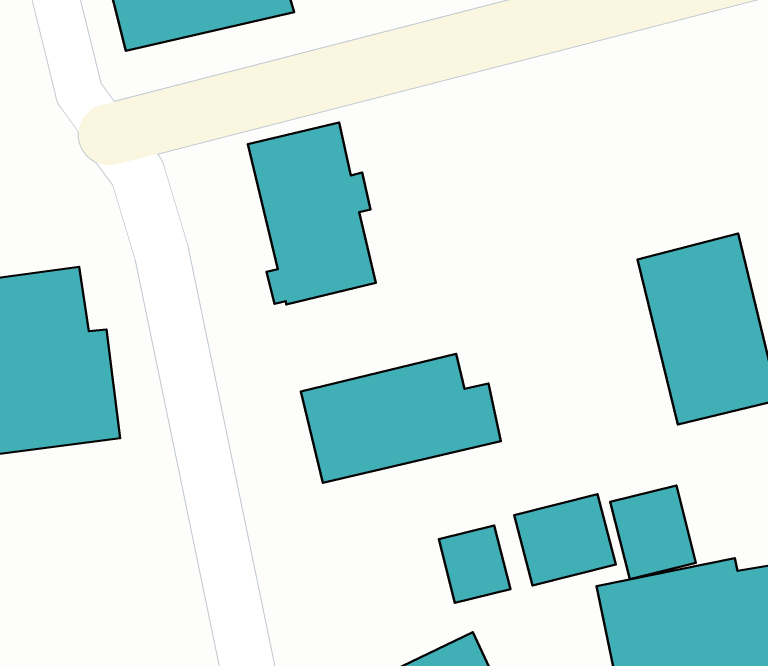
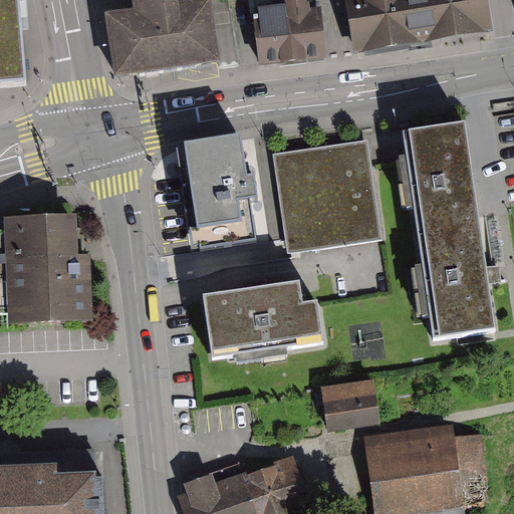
building: none -> [400,123,478,237]
building: none -> [270,133,379,246]
building: [610,486,696,579] -> none
building: [439,526,510,603] -> none

